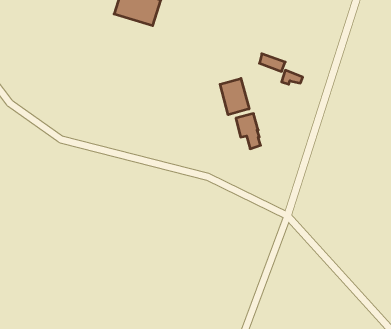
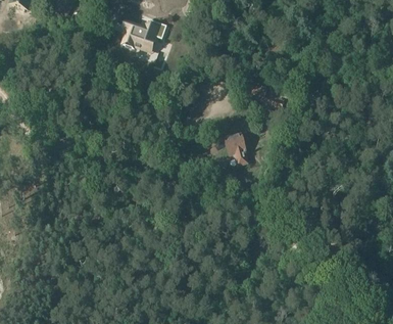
building: [220,78,249,115] -> none

